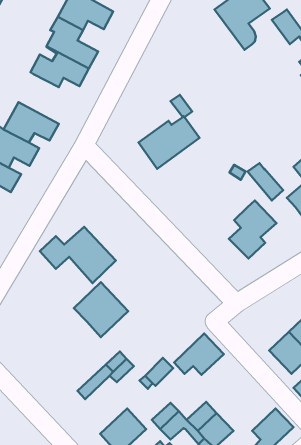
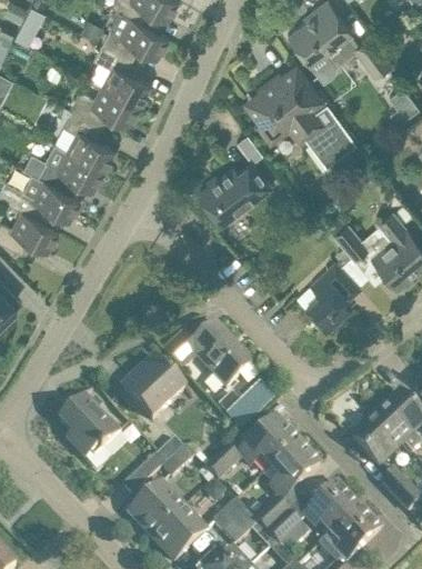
building: none -> [249,67,356,163]
building: none -> [56,109,114,168]
building: [40,227,116,283] -> [163,321,253,388]
building: none -> [219,383,273,428]
building: none -> [58,393,120,459]
building: none -> [272,441,320,497]
building: none -> [129,481,184,536]
building: none -> [305,482,360,532]

